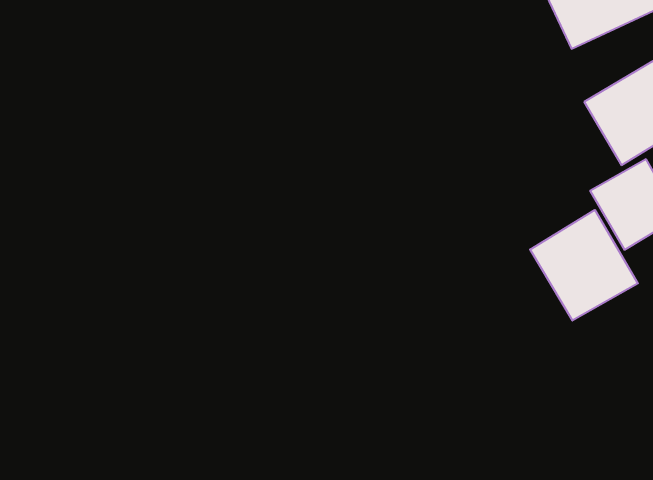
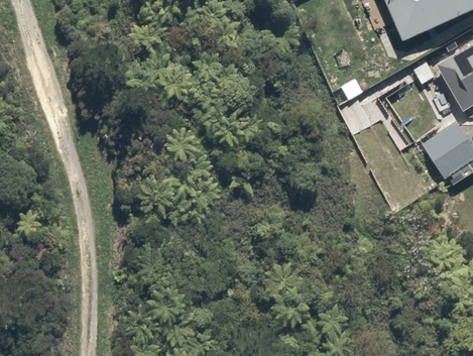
building: [530,210,638,321] -> none

